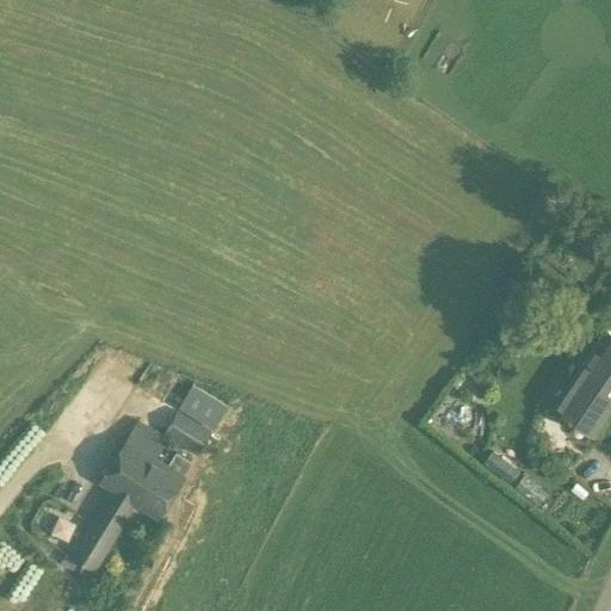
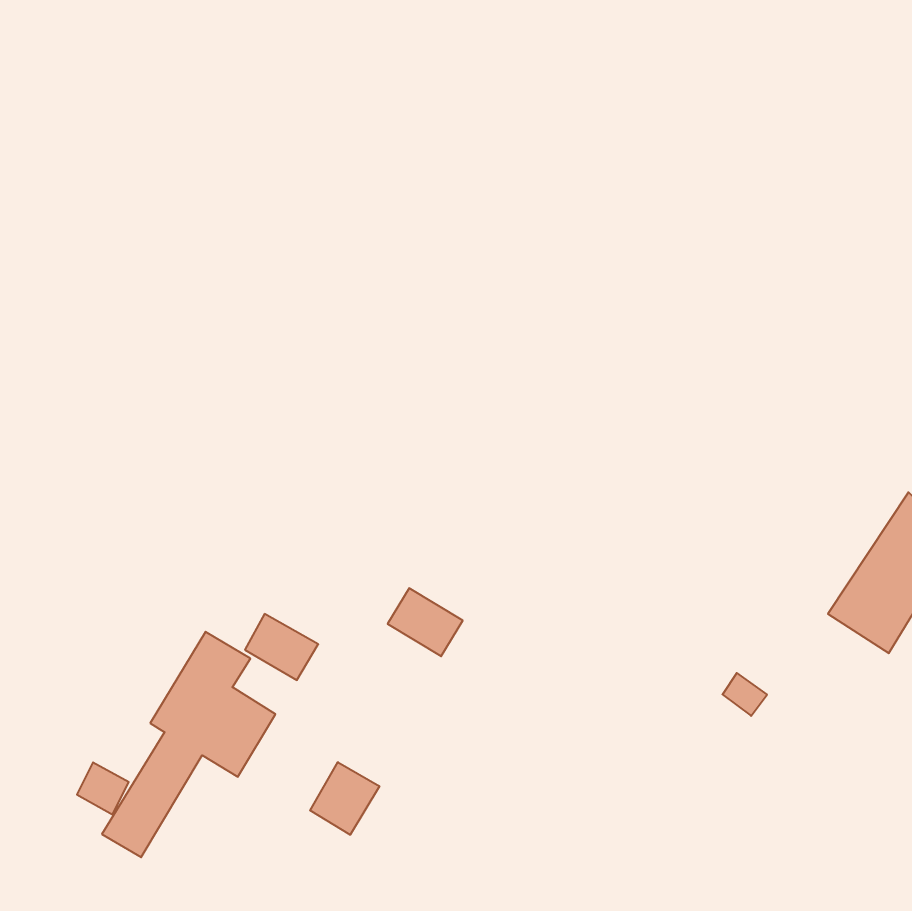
building: [179,387,229,432] -> [388,588,463,656]
building: none -> [310,762,379,835]

